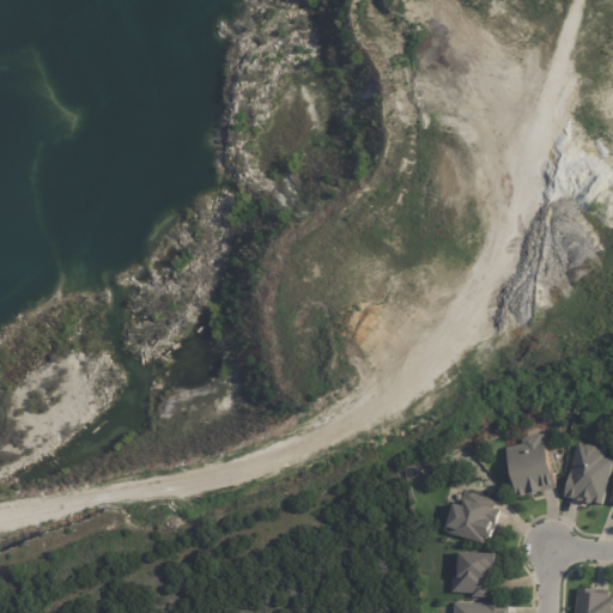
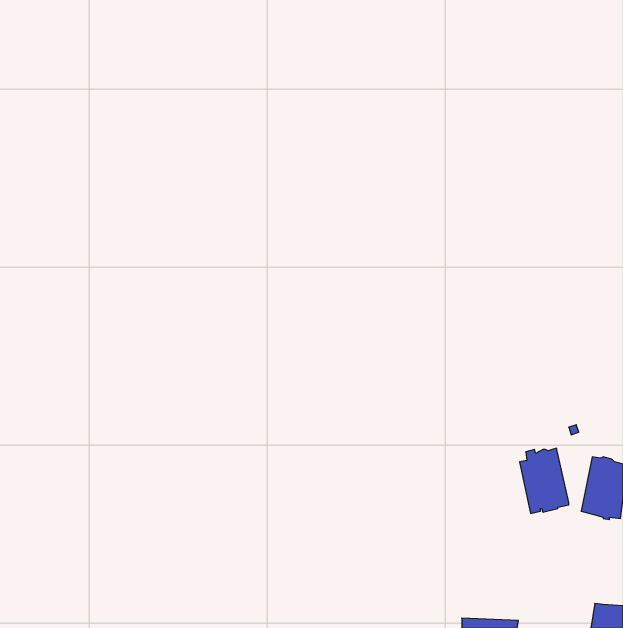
building: [441,488,494,542] -> none
building: [449,551,496,595] -> none

